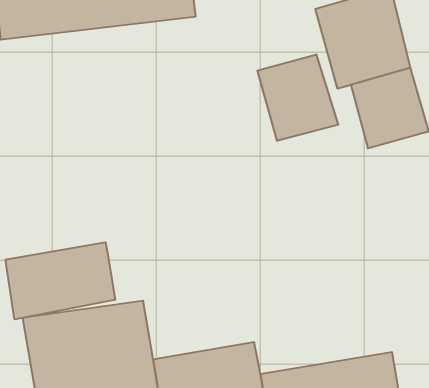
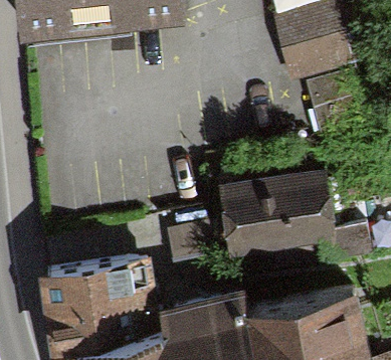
building: [257,54,338,141] -> none
building: none -> [219,173,338,260]
building: [6,242,115,319] -> none

